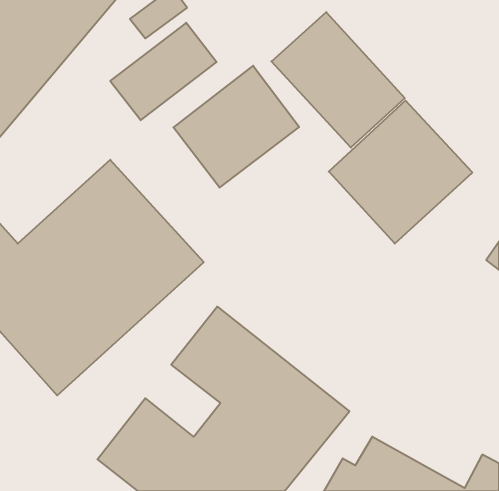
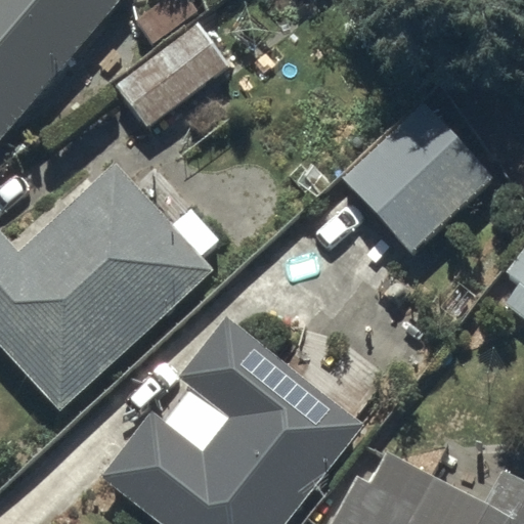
building: [271,12,405,148] -> none
building: [173,66,299,188] -> none

